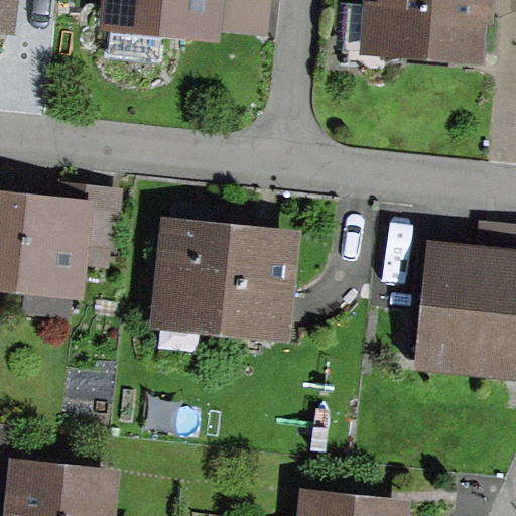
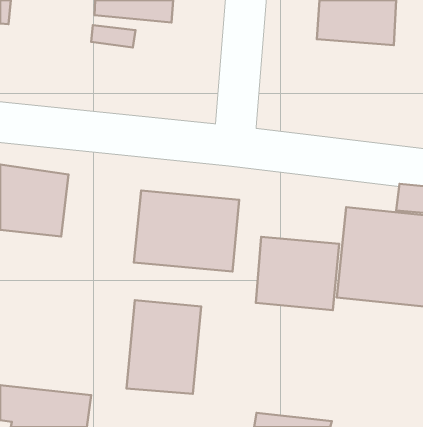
building: none -> [256,237,339,310]
building: none -> [126,300,201,394]

